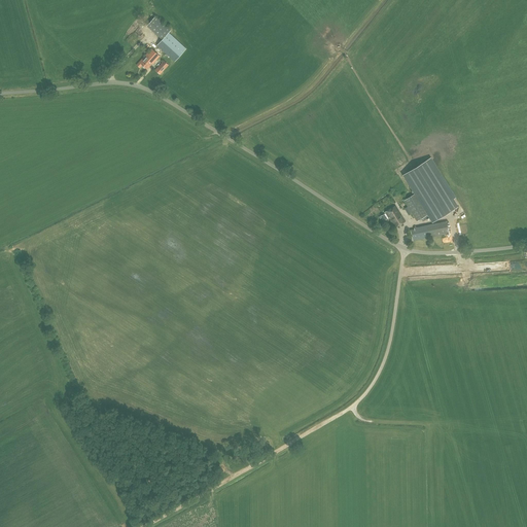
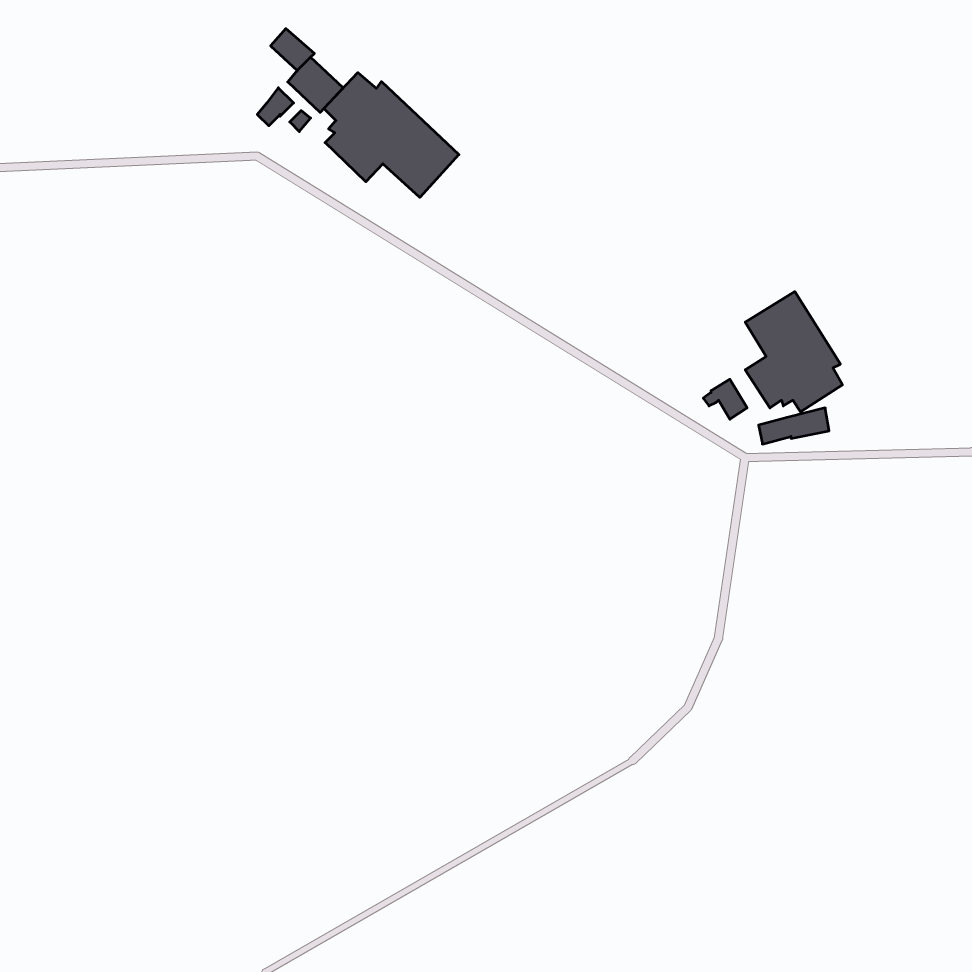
building: none -> [324,73,459,197]

